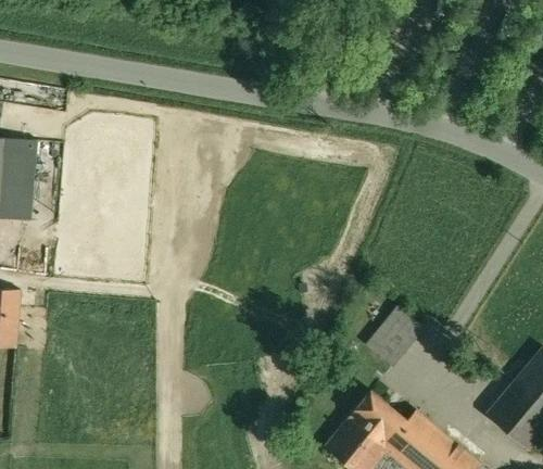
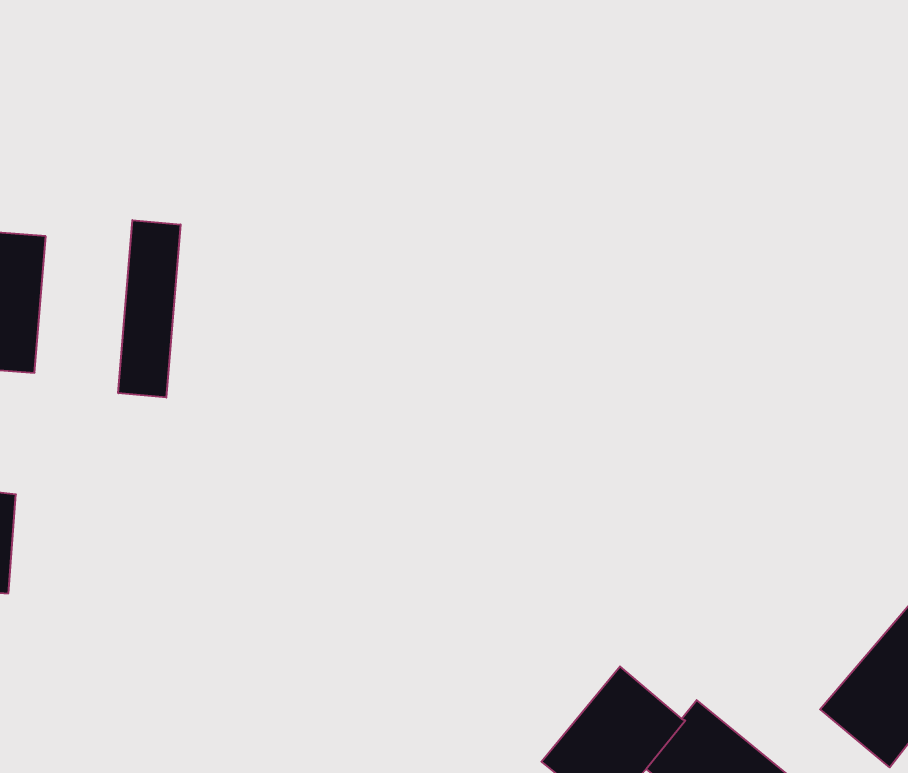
building: none -> [118,220,181,398]
building: [366,307,424,367] -> none

